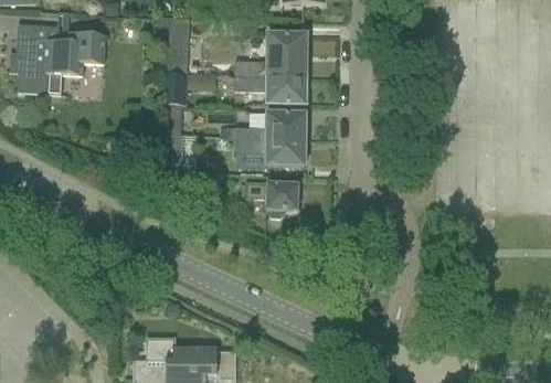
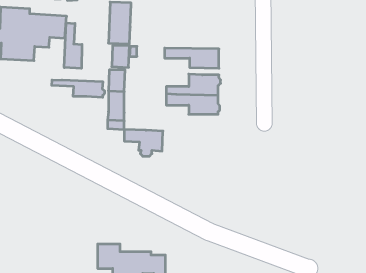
building: [233,33,305,78] -> none
building: none -> [64,23,82,68]
building: none -> [52,80,105,97]
building: [246,181,297,216] -> [124,129,163,156]

